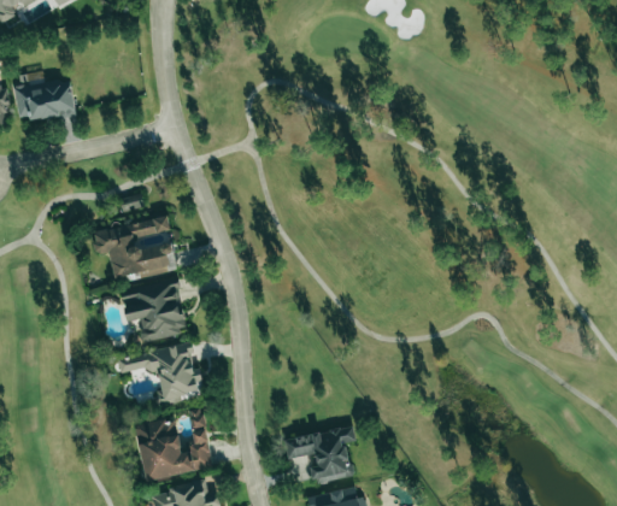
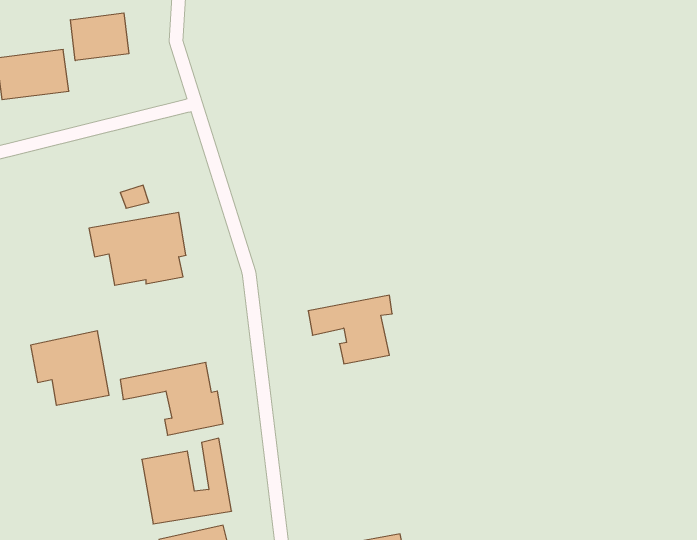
building: none -> [70,13,129,61]
building: [121,278,187,341] -> [31,331,109,405]
building: [284,426,355,484] -> [308,295,392,364]

